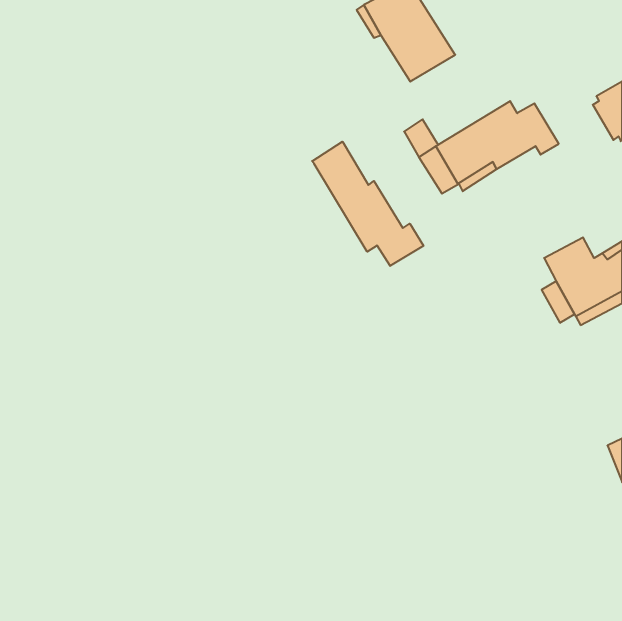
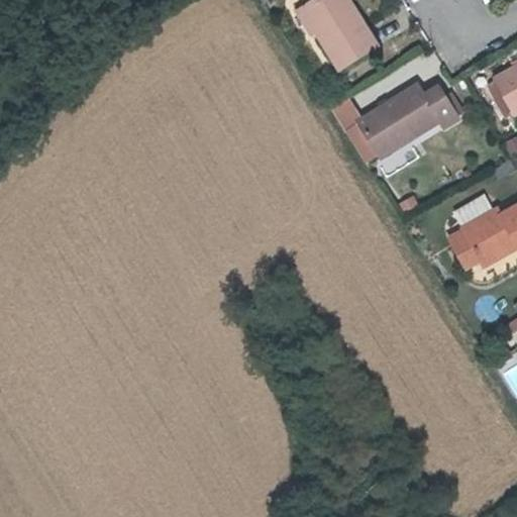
building: [312,142,423,266] -> none

